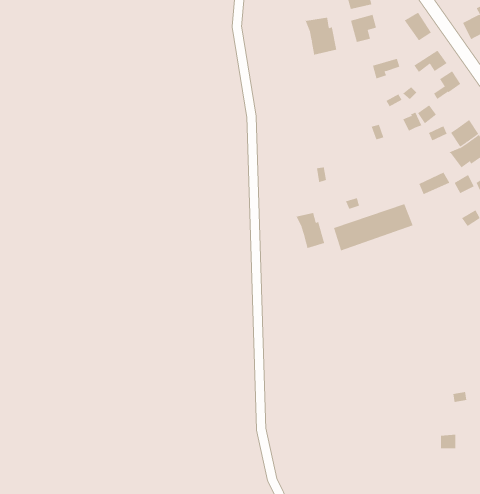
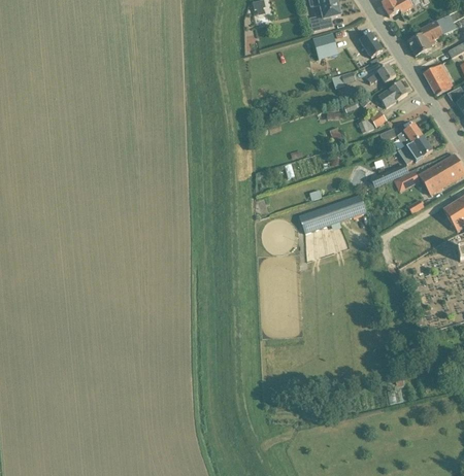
building: [305,17,337,56] -> none
building: [296,212,325,249] -> none

